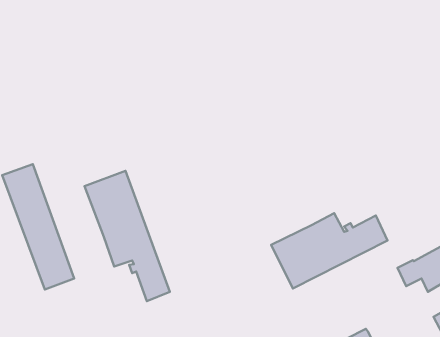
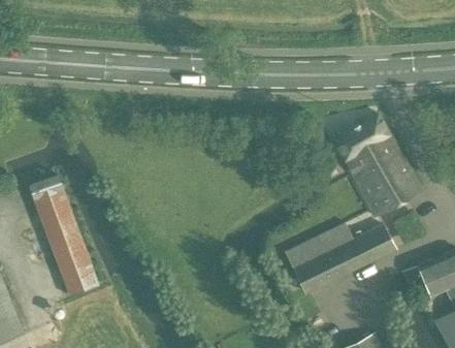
building: none -> [334,113,423,215]
building: [85,171,170,301] -> none

